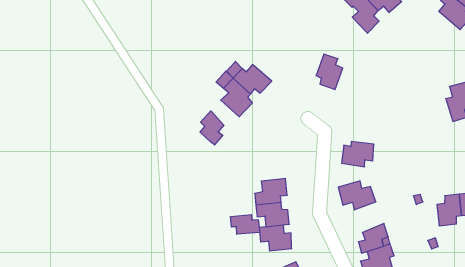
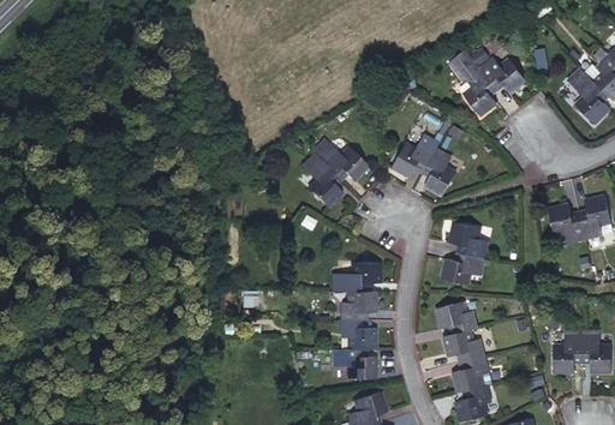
building: none -> [392,136,434,173]
building: none -> [549,205,584,244]
building: [200,111,224,145] -> none
building: none -> [450,221,489,259]
building: none -> [336,259,374,291]
building: none -> [444,333,486,366]
building: [231,215,260,234] -> none

